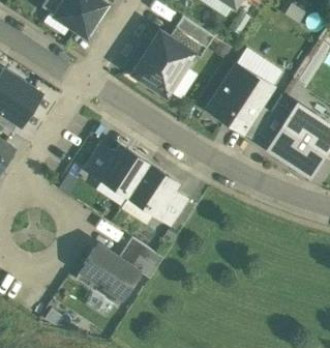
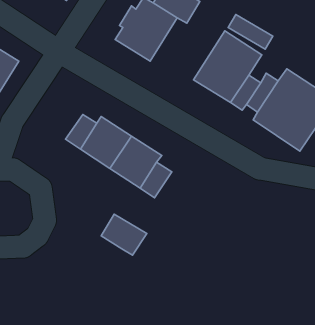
building: [74,251,139,307] -> none

